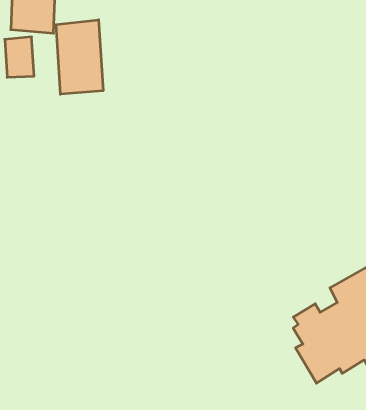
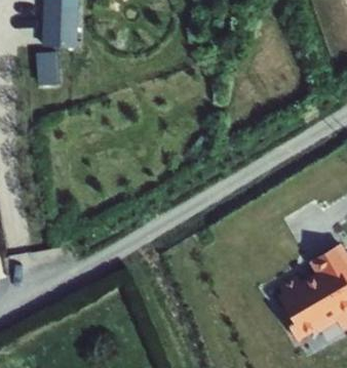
building: [56,20,103,94] -> none

